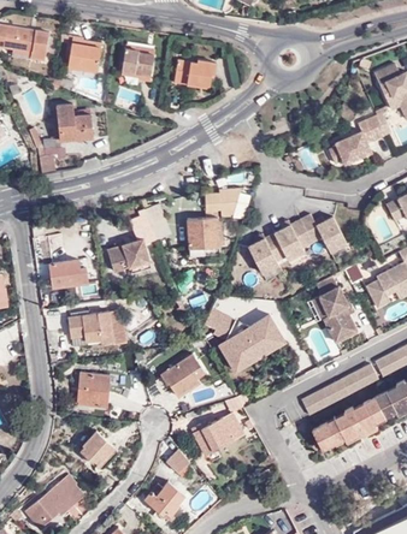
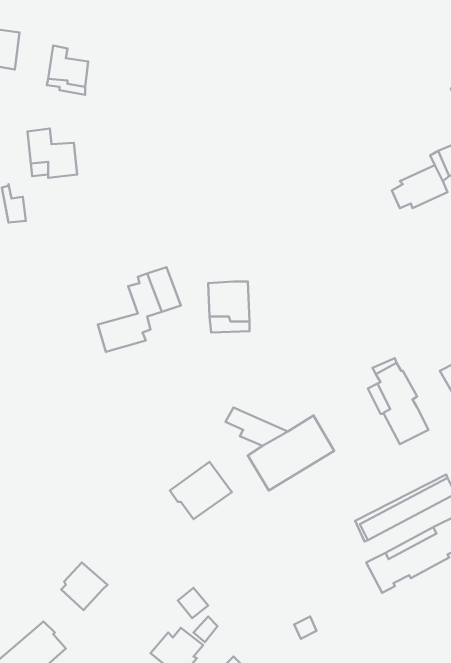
building: [122,42,154,82] -> none
building: [176,58,216,88] -> none
building: [208,190,243,219] -> none
building: [248,213,346,272] -> none
building: [48,260,89,287] -> none
building: [69,310,125,346] -> none
building: [79,375,112,407] -> none
building: [190,414,242,455] -> none

